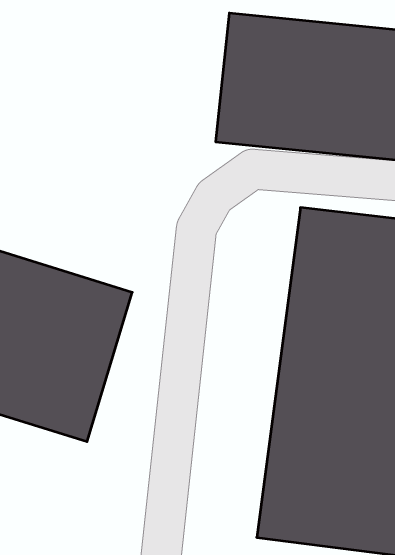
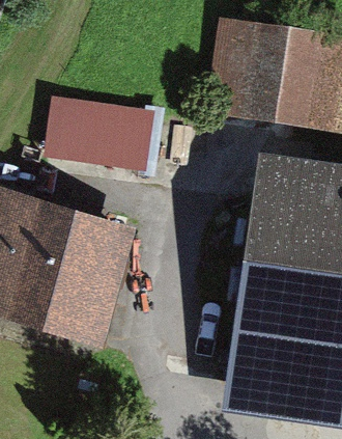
building: none -> [44,93,159,164]

